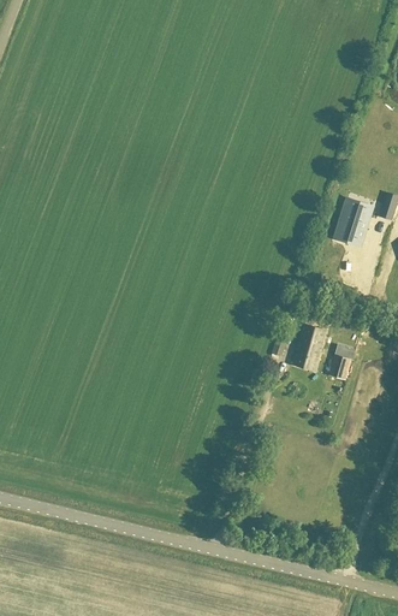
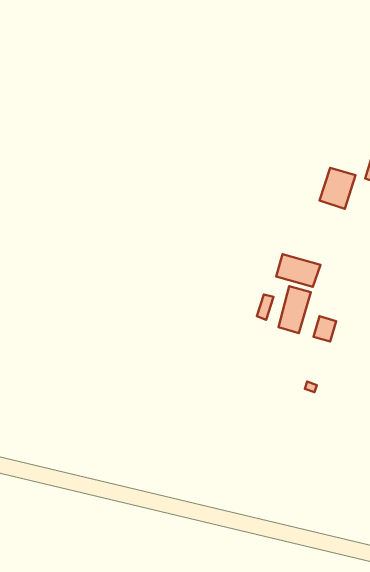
building: none -> [276,254,320,287]

